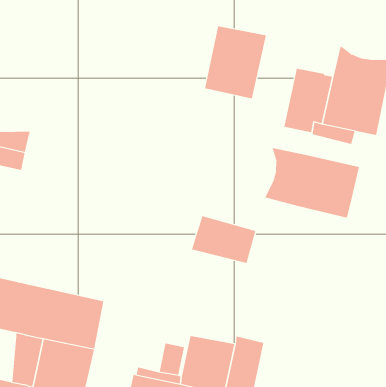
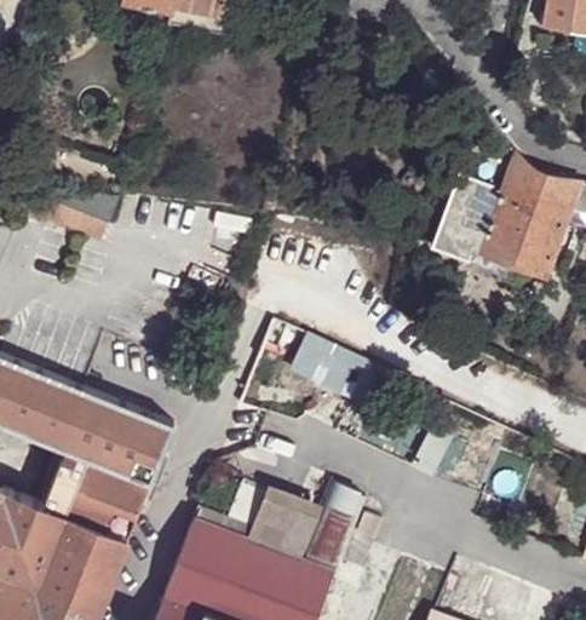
building: [204,25,266,99] -> none
building: [265,147,360,219] -> none

